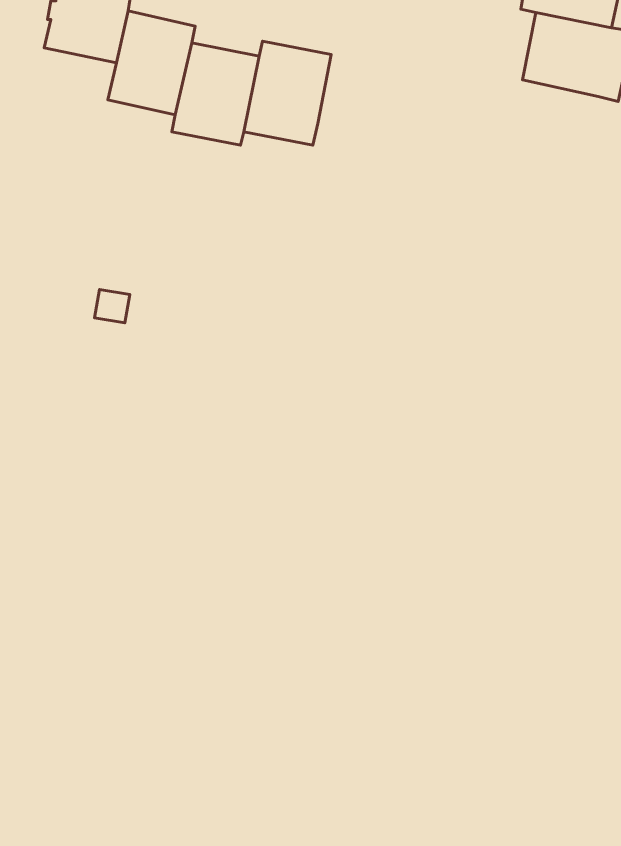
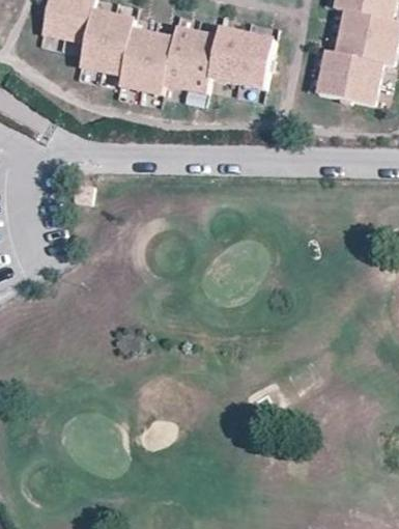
building: none -> [208,29,274,88]
building: none -> [316,49,381,104]

